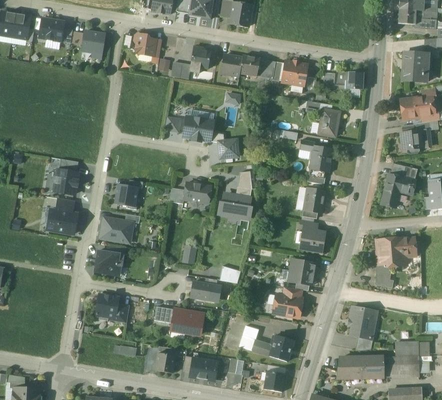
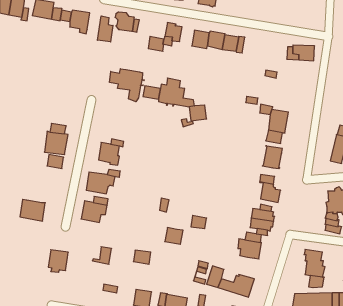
building: none -> [97,16,113,42]
building: [282,60,306,85] -> none
building: none -> [110,69,144,102]
building: [318,108,339,136] -> none
building: [218,171,255,218] -> none
building: [183,182,210,205] -> none
building: [47,209,76,234] -> [20,199,45,221]
building: [95,294,118,320] -> [48,250,68,272]
building: [171,309,203,334] -> none

